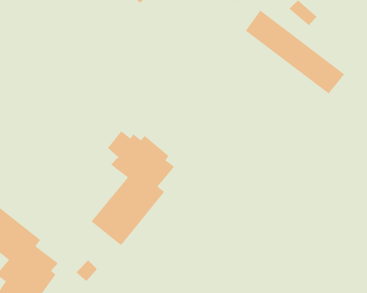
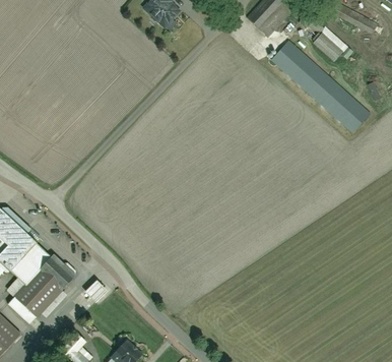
building: [91,130,175,246] -> none

